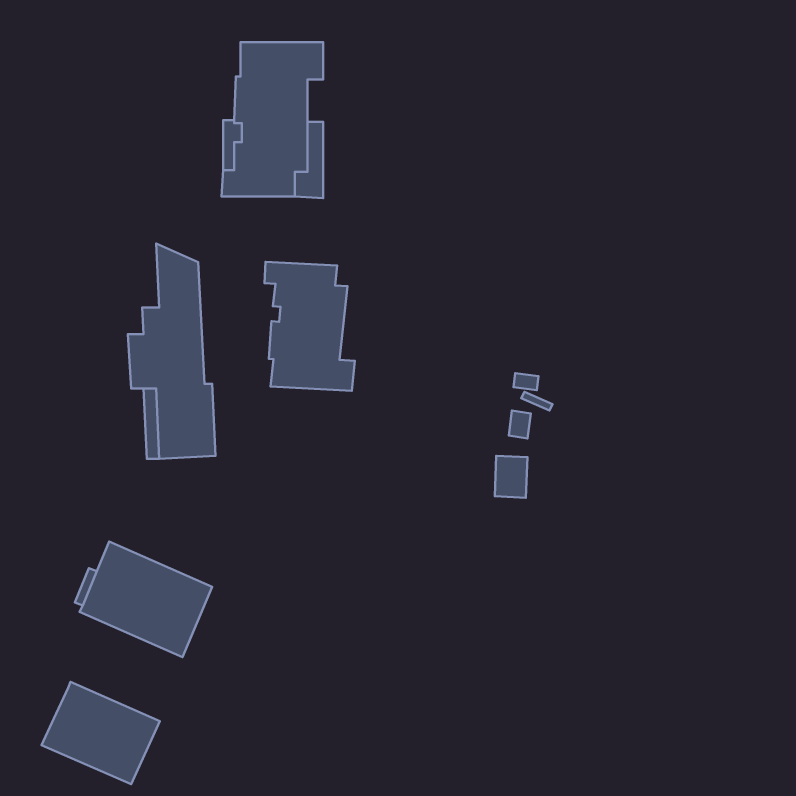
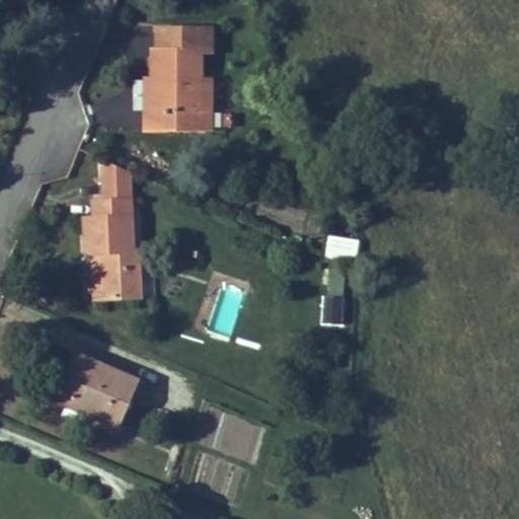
building: [265,262,355,391] -> none
building: [42,682,160,784] -> none

